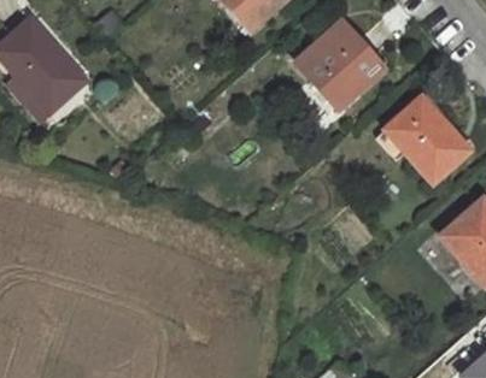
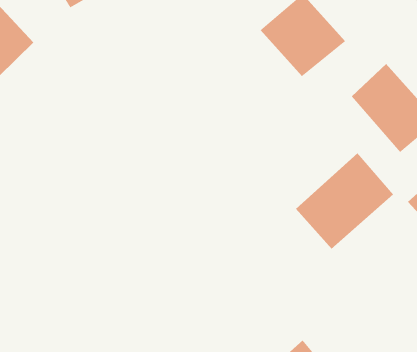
building: none -> [295,152,394,250]

